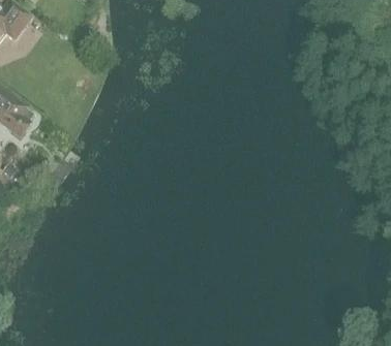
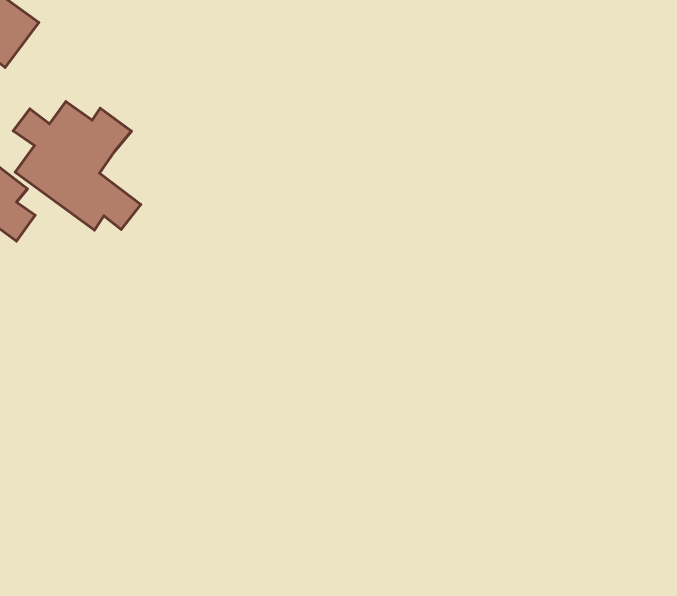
building: none -> [13,101,141,230]

